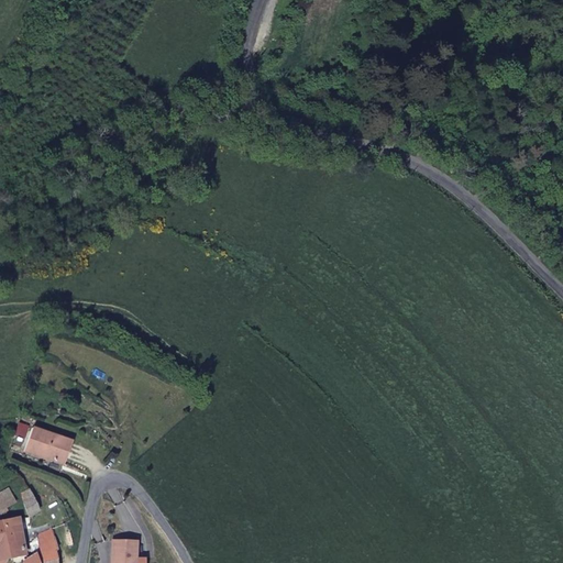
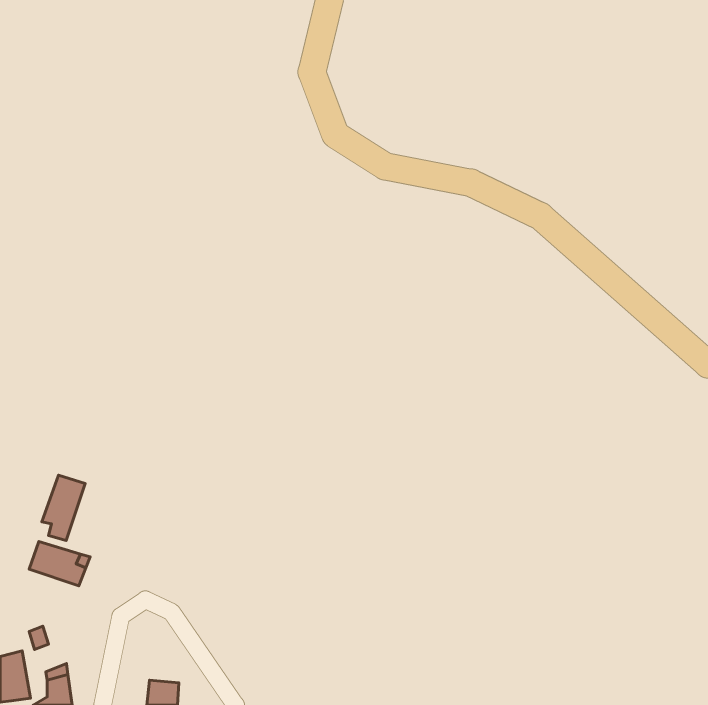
building: none -> [42,475,85,540]

